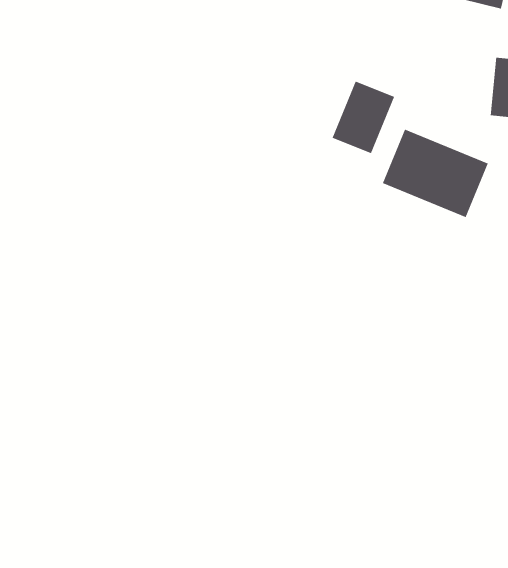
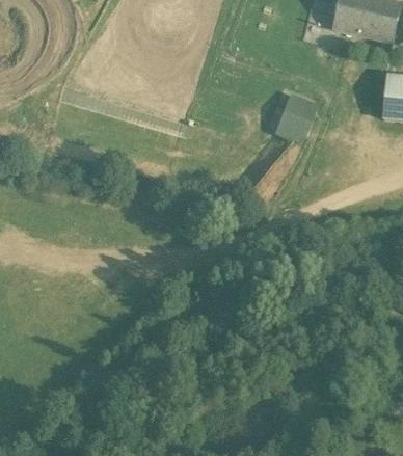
building: [382,128,489,218] -> none

